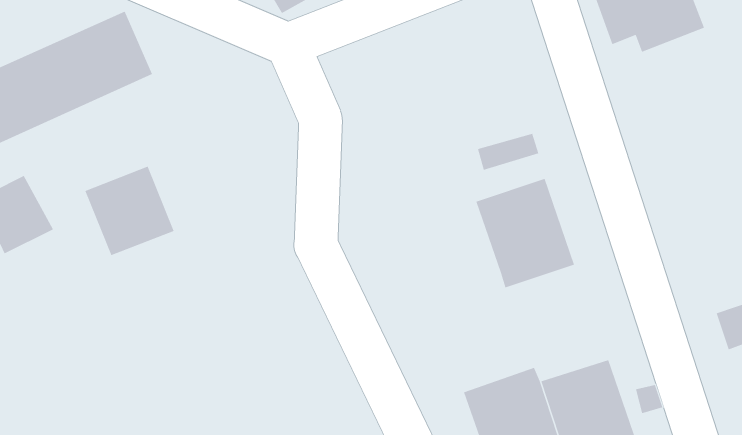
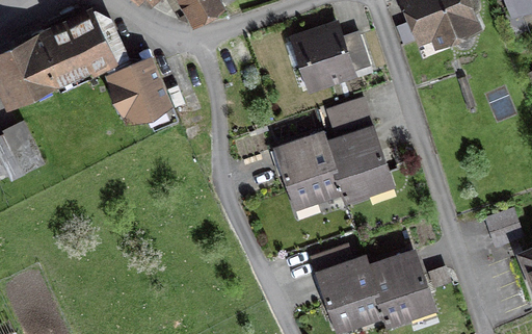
building: none -> [293,26,369,82]
building: [85,166,175,256] -> [106,61,166,122]
building: none -> [274,135,342,208]

